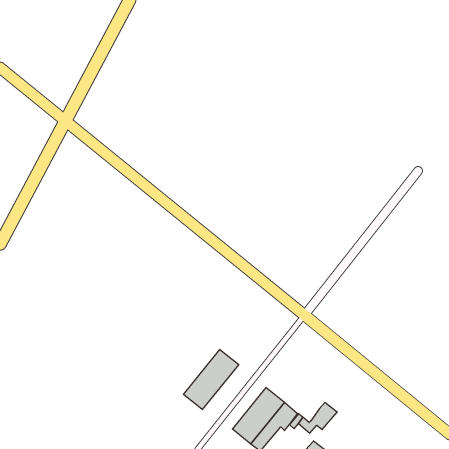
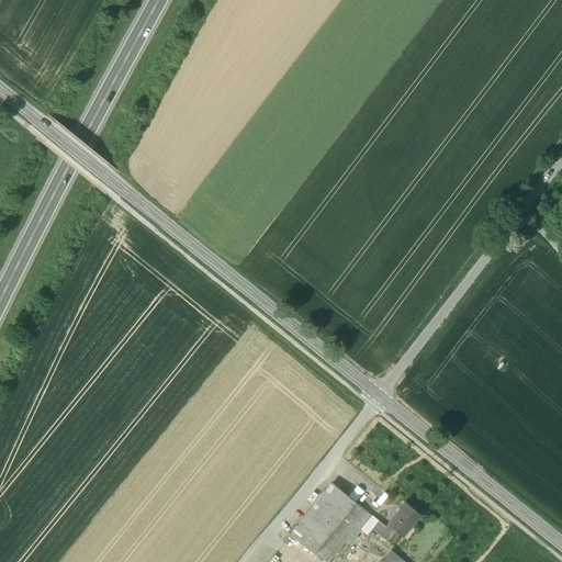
building: [183,349,239,410] -> none

